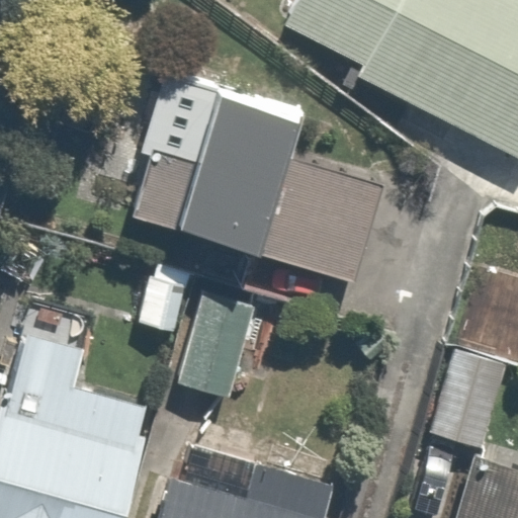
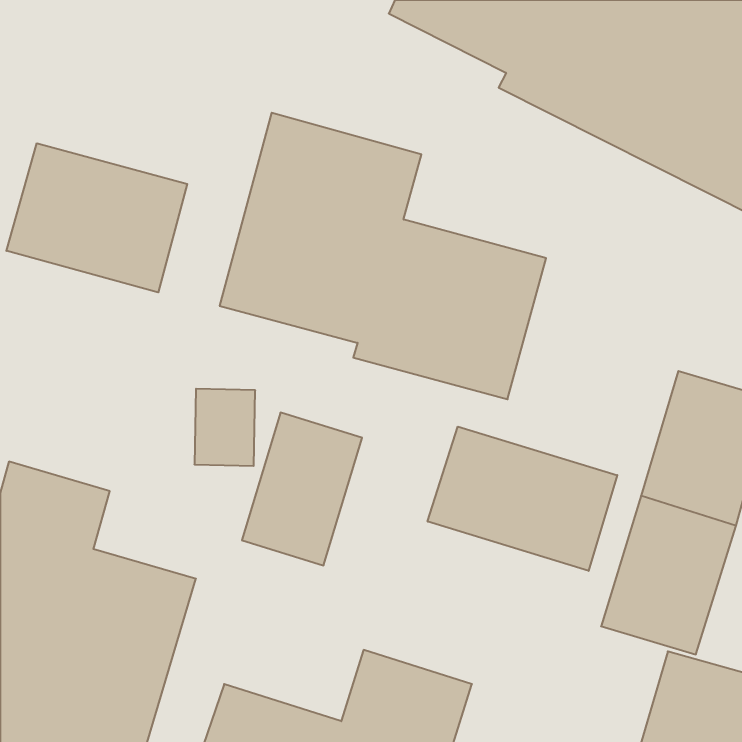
building: none -> [6,143,187,292]
building: none -> [428,427,617,571]

